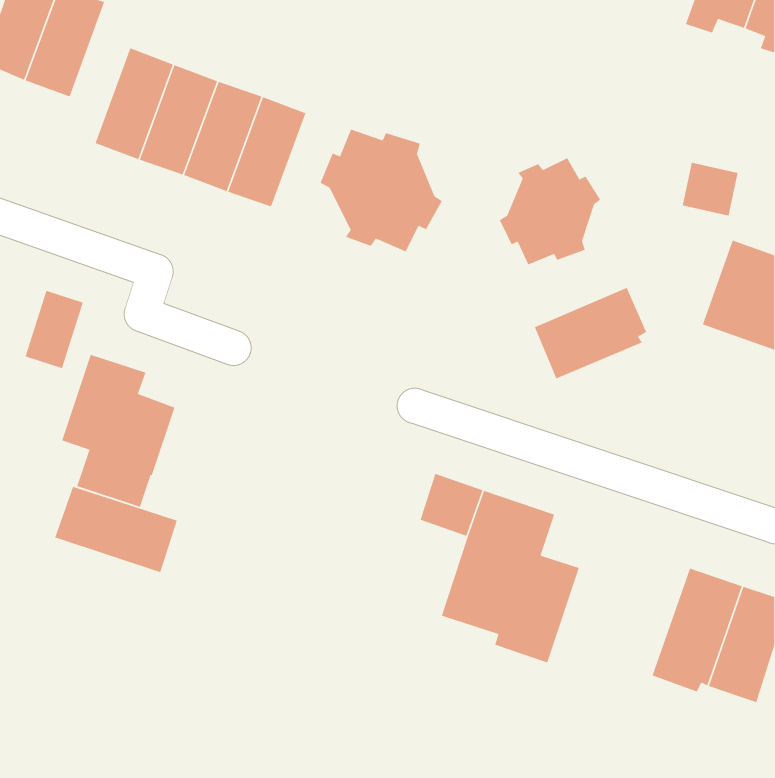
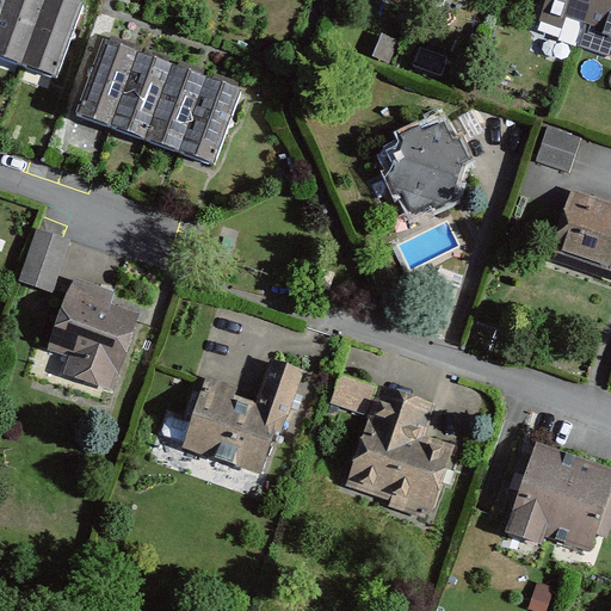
building: [320,128,443,252] -> none
building: [534,287,647,380] -> none
building: none -> [183,357,304,473]
building: [54,486,178,573] -> none

